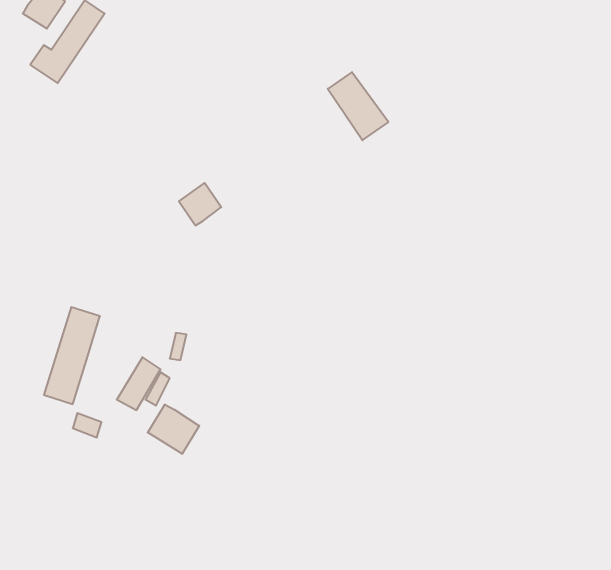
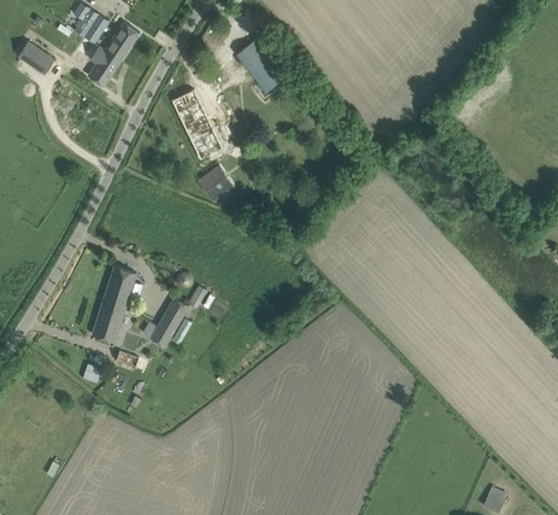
building: [328,72,388,140] -> [237,39,286,93]
building: none -> [171,89,222,159]
building: [148,404,199,454] -> none

